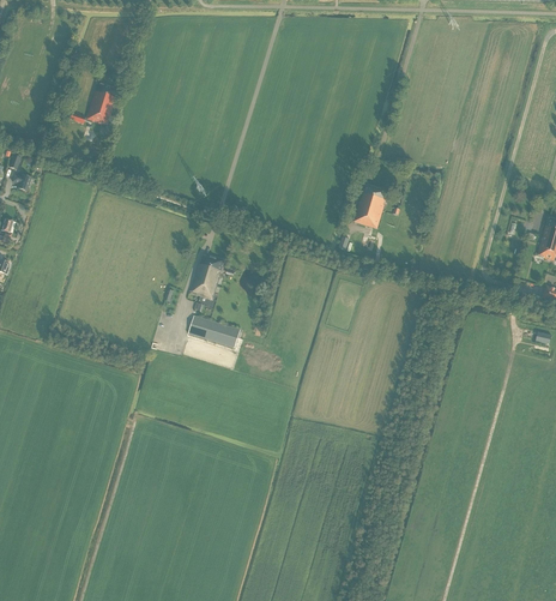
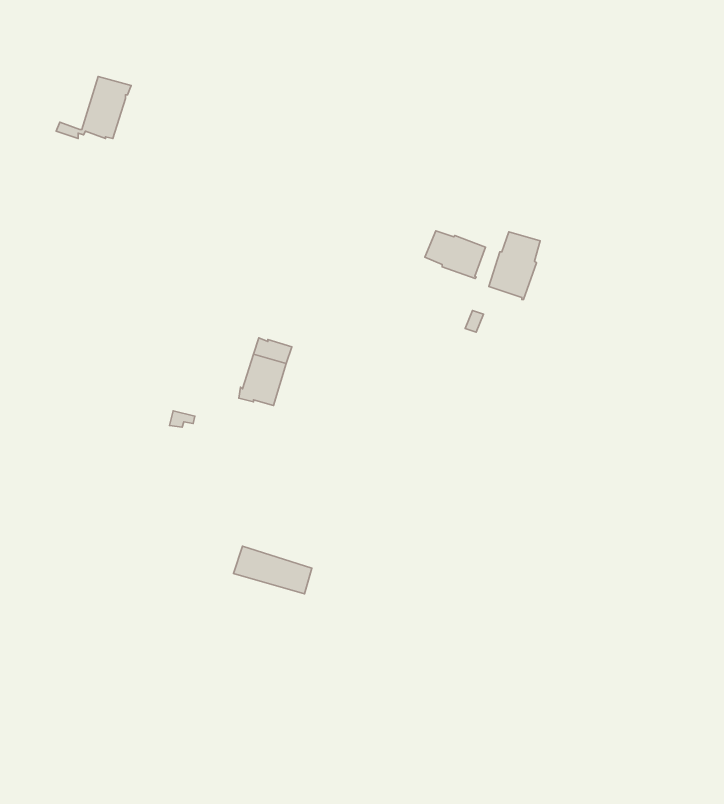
building: none -> [425,231,485,278]
building: [187,317,238,348] -> [233,546,312,594]

